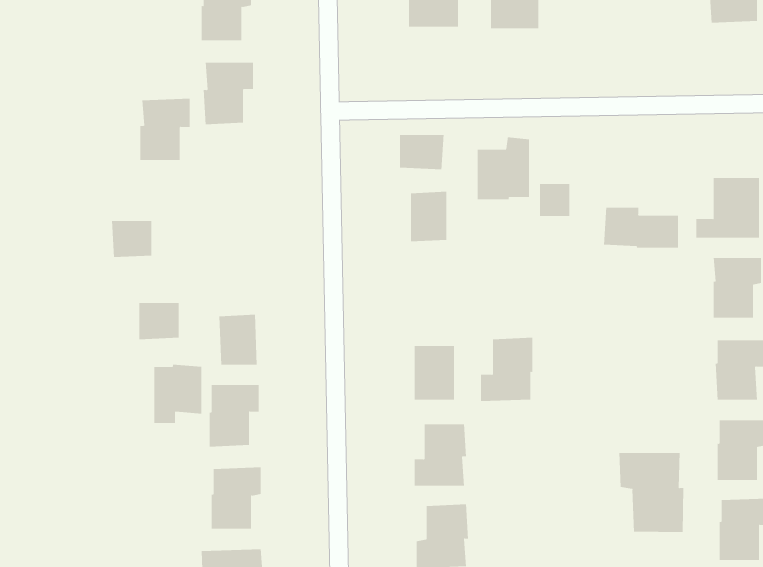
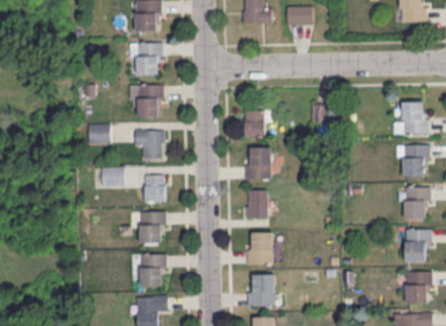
building: [140,98,190,161] -> [137,85,164,118]
building: [399,134,444,170] -> none
building: [477,137,529,200] -> none
building: [604,207,679,248] -> none
building: none -> [135,130,165,160]
building: [480,337,533,402] -> [244,146,272,180]
building: [154,364,202,424] -> none
building: [619,452,684,533] -> none

